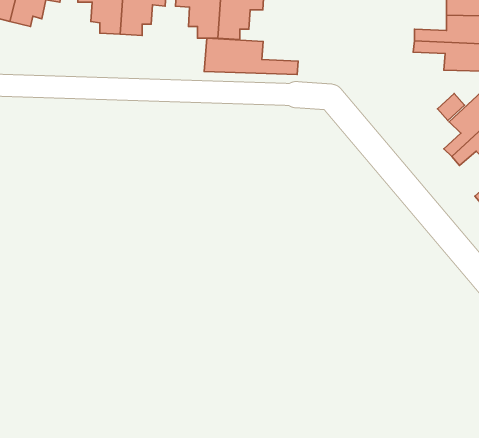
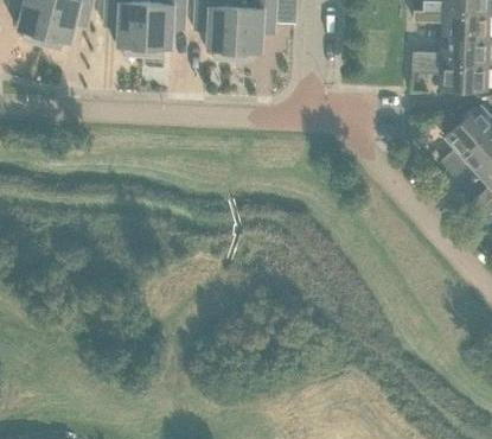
building: [204,38,298,75] -> none

